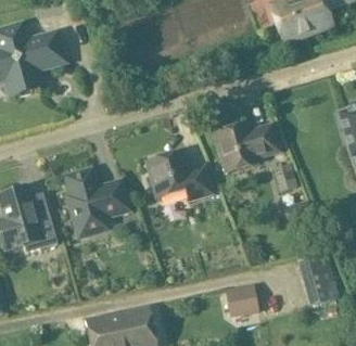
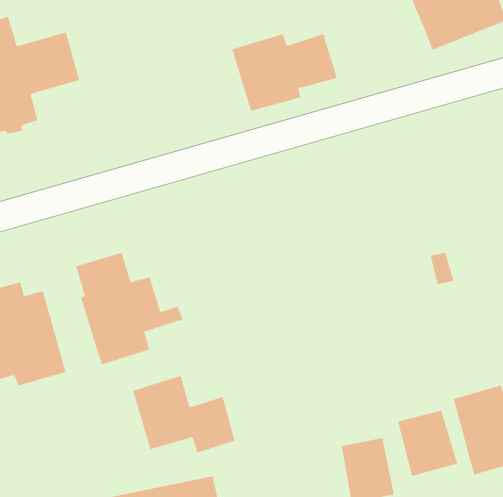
building: [214,124,280,172] -> [231,33,338,112]
building: [149,152,213,201] -> [132,375,235,454]
building: none -> [397,409,458,477]

